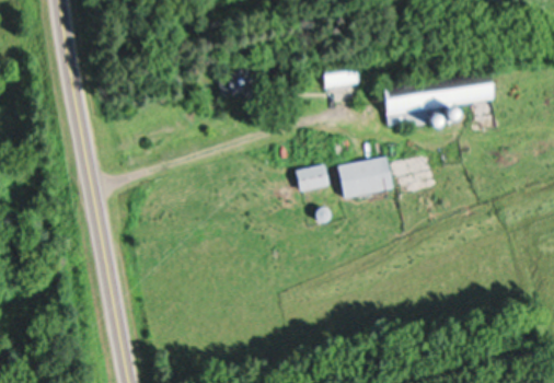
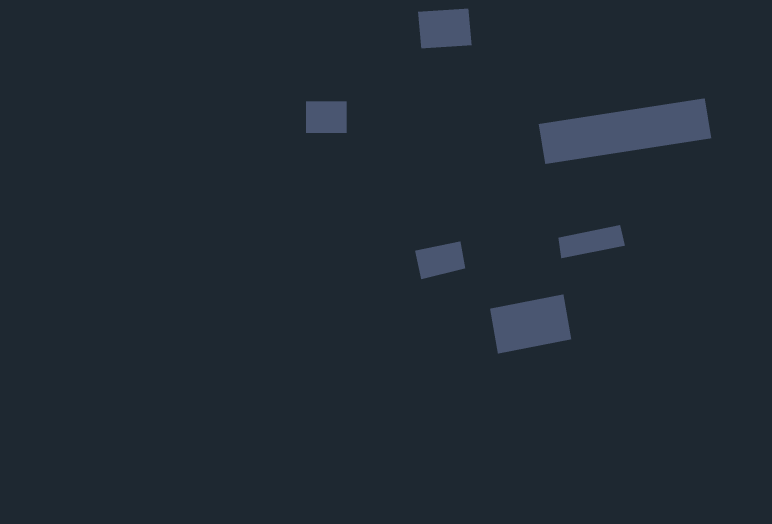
building: [324,60,361,88] -> [417,8,472,49]
building: [338,160,394,200] -> [489,294,572,354]

